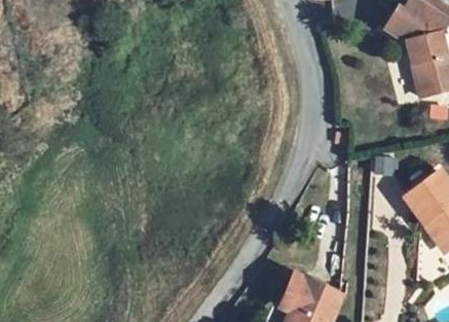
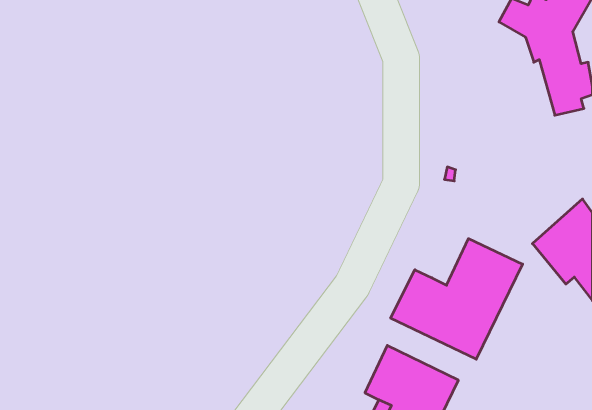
building: none -> [391,239,523,359]

